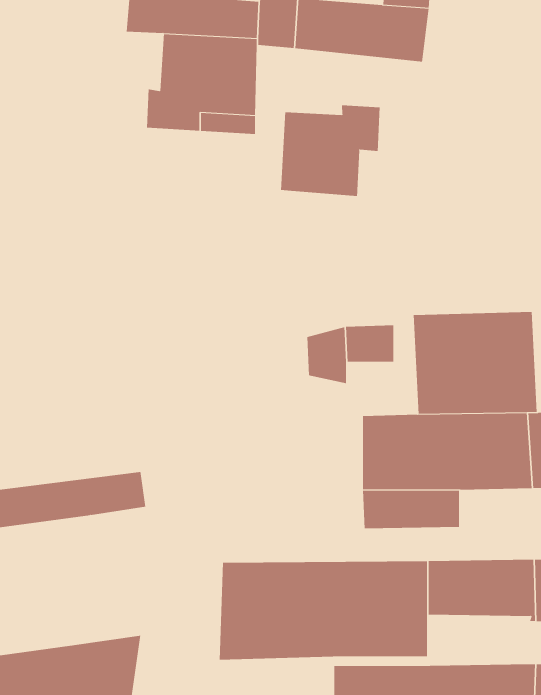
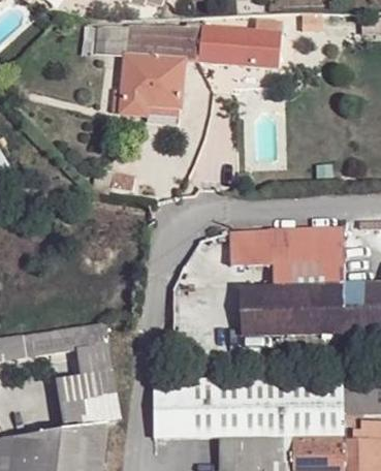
building: [281,104,380,197] -> none
building: none -> [56,345,122,430]
building: none -> [282,411,345,442]

